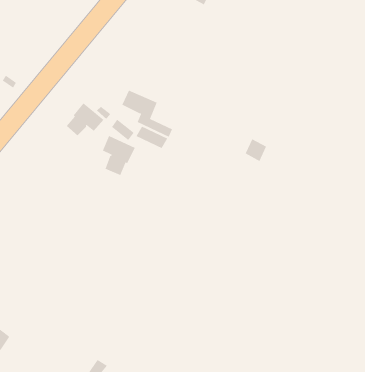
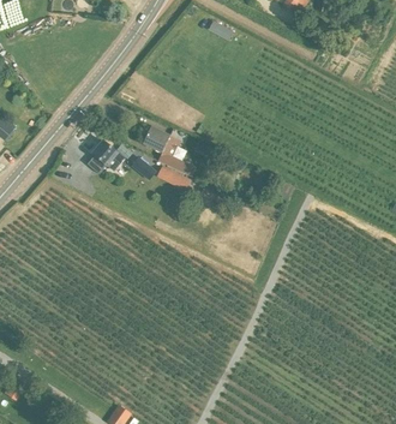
building: [102,135,135,176] -> none

